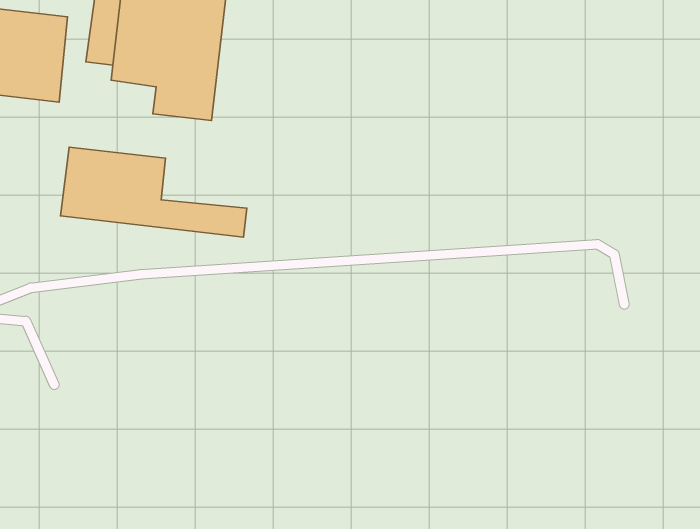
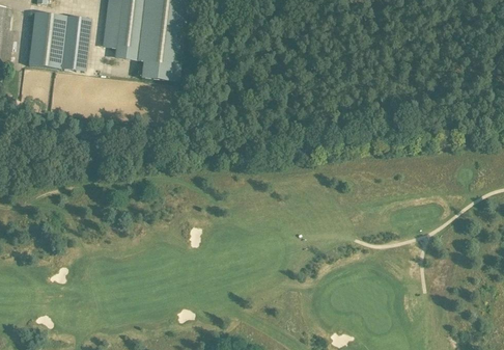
building: [60,147,247,237] -> none

